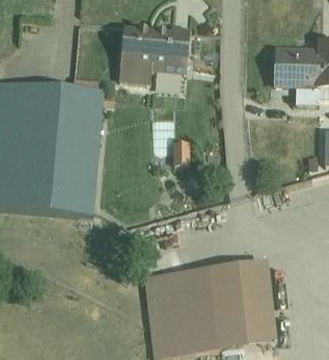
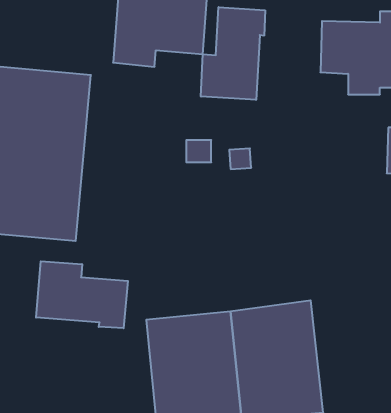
building: none -> [201,7,265,100]
building: none -> [36,261,128,328]

